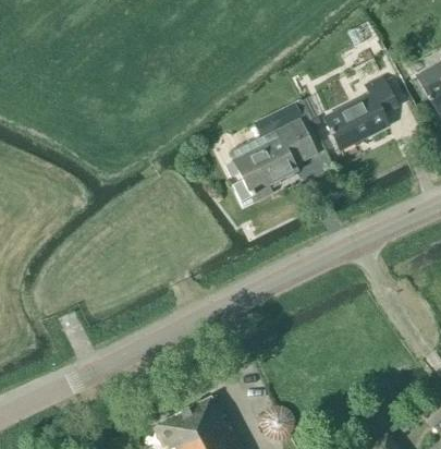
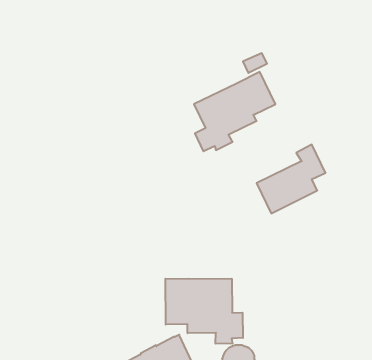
building: [324,77,396,149] -> [257,145,326,213]
building: none -> [165,279,243,344]

